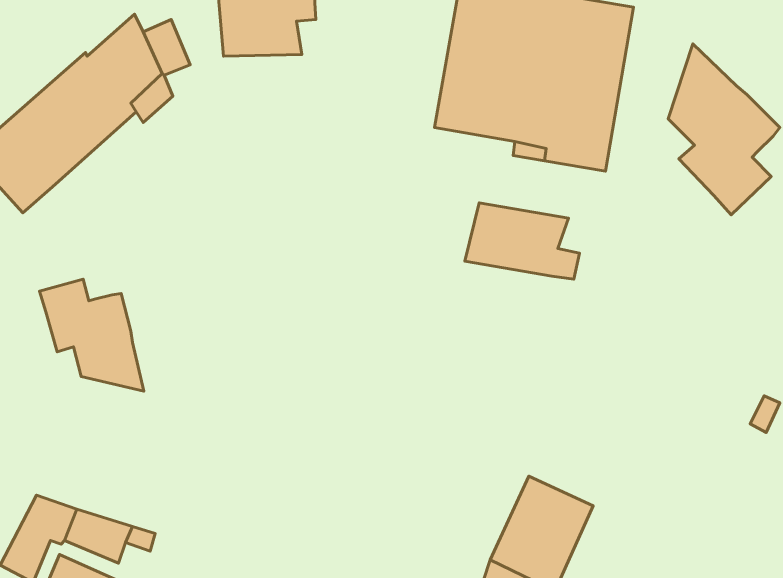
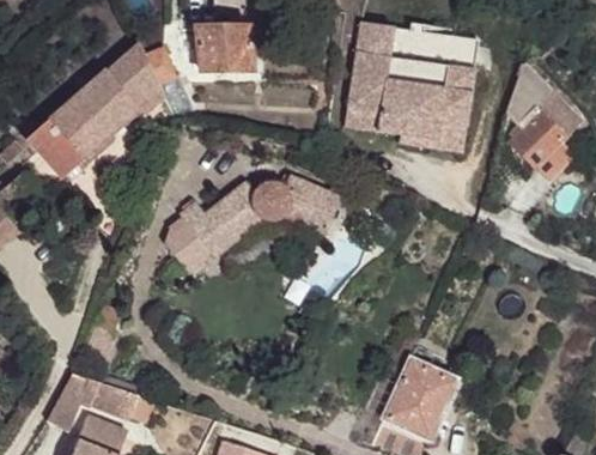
building: [465,203,580,279] -> none
building: none -> [164,174,341,272]
building: [40,279,144,391] -> none

